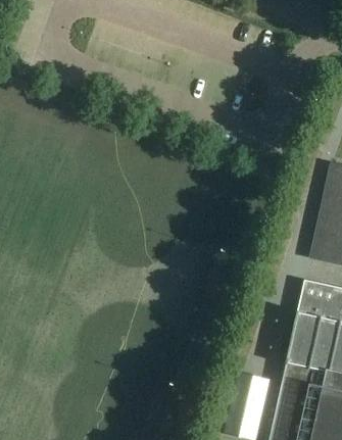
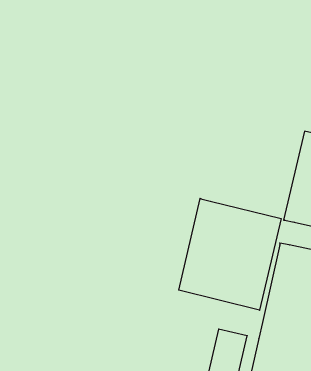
building: none -> [179,198,281,310]

